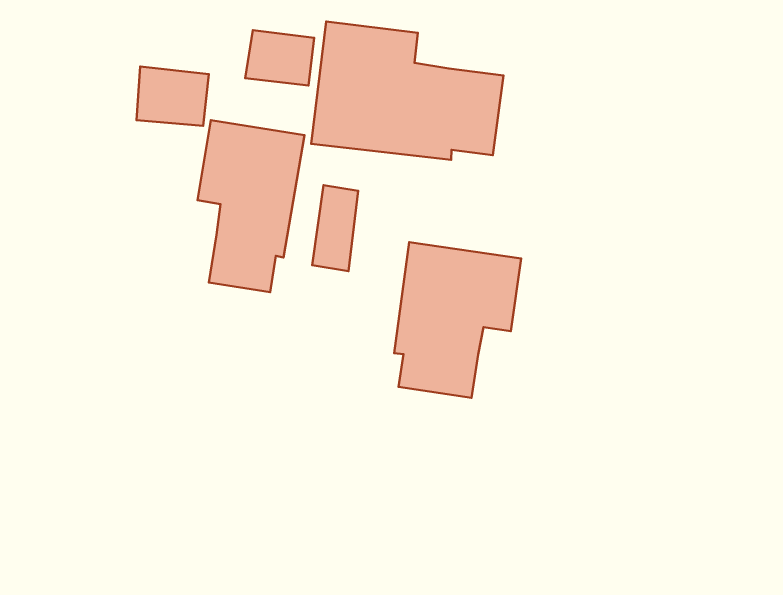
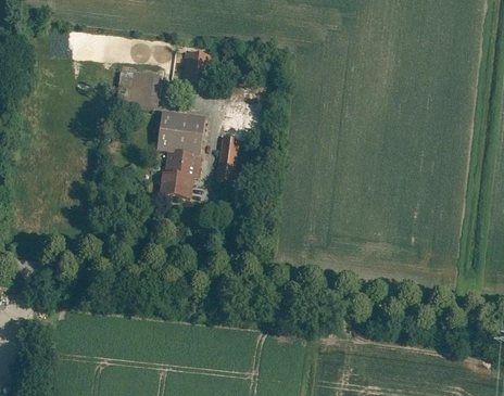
building: [311,22,503,160] -> none
building: [394,242,521,398] -> none

